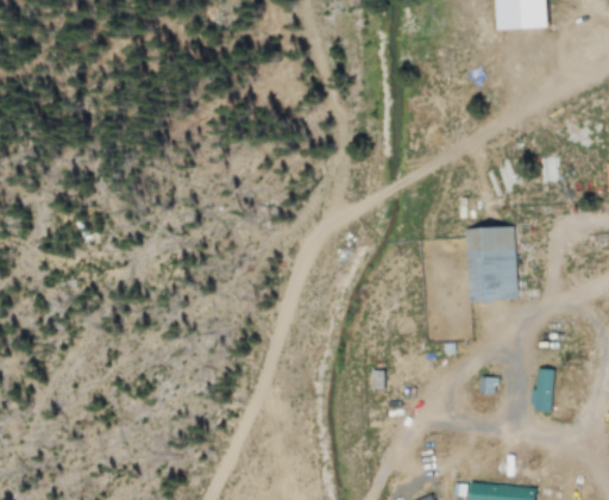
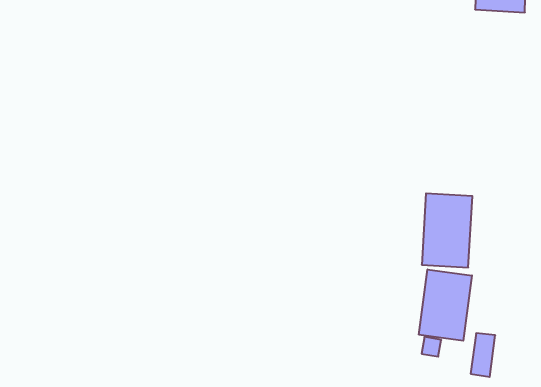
building: none -> [419,269,472,341]

